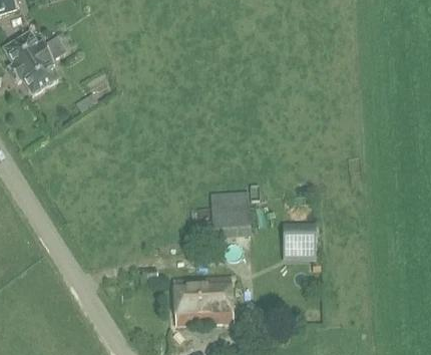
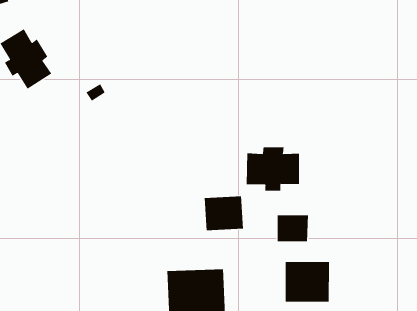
building: none -> [246,147,300,192]
building: none -> [285,261,330,303]

